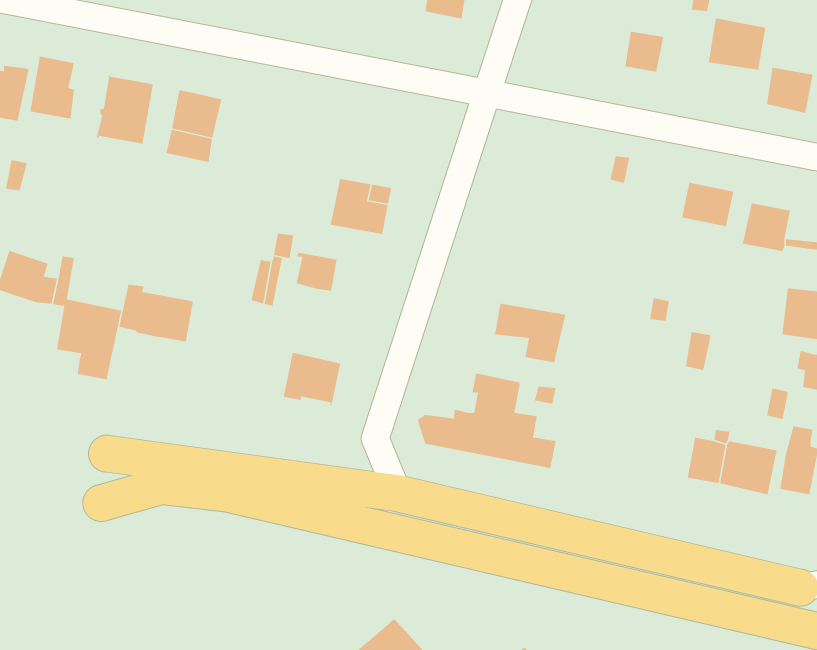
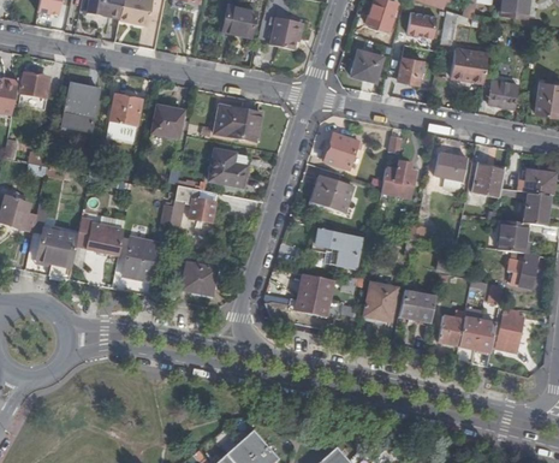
building: none -> [350,48,382,82]
building: none -> [151,106,183,138]
building: none -> [214,106,261,141]
building: none -> [323,135,357,170]
building: none -> [381,161,416,197]
building: none -> [311,176,353,213]
building: none -> [124,237,157,279]
building: none -> [362,283,396,321]
building: none -> [398,290,435,323]

